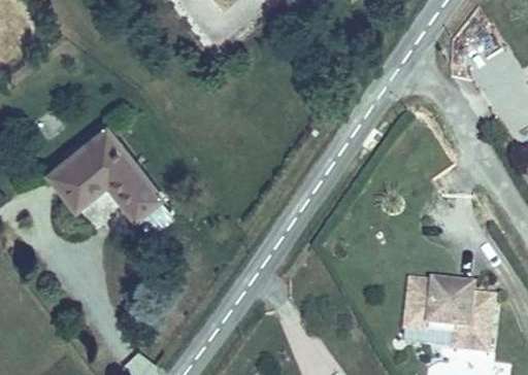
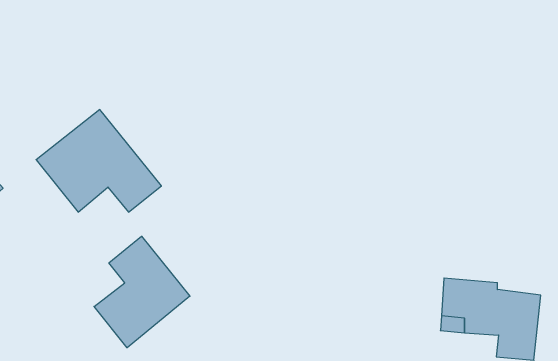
building: none -> [94,236,190,348]

